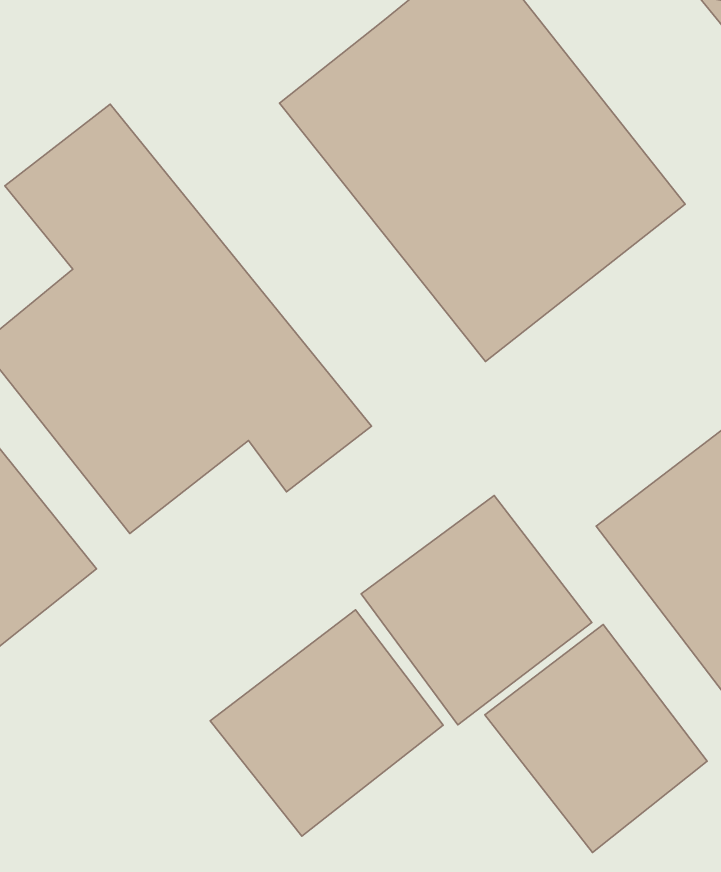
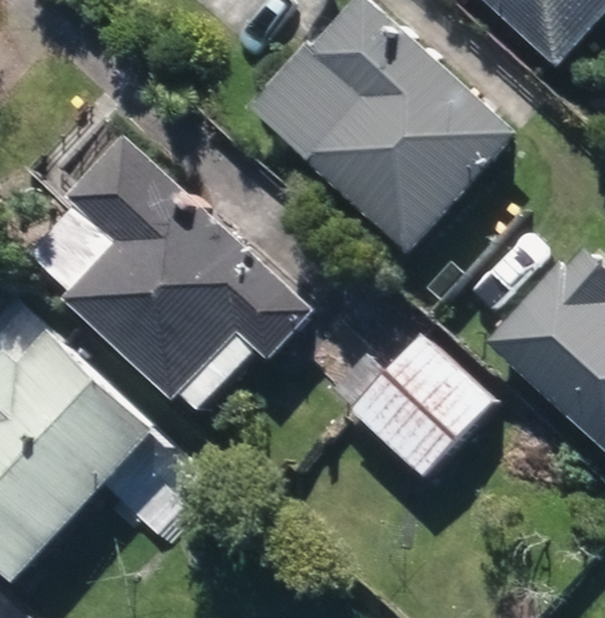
building: [210,610,443,836] -> none
building: [485,625,707,852] -> none

